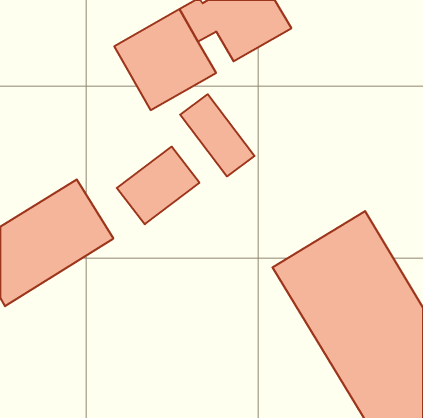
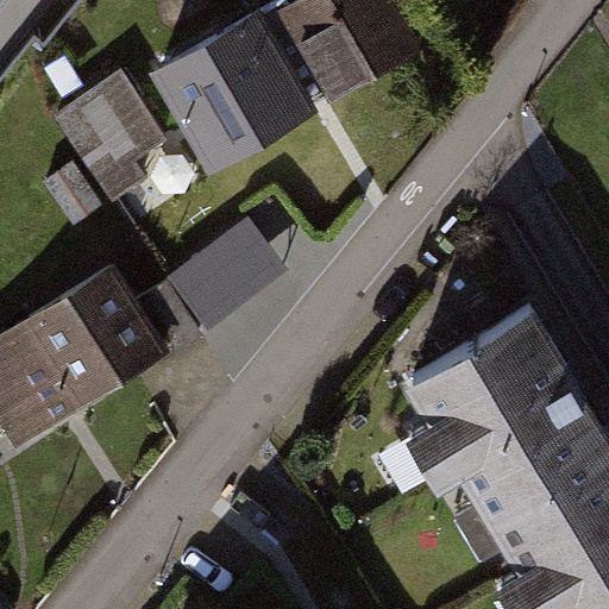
building: none -> [39,73,165,228]
building: [180,94,255,176] -> none

